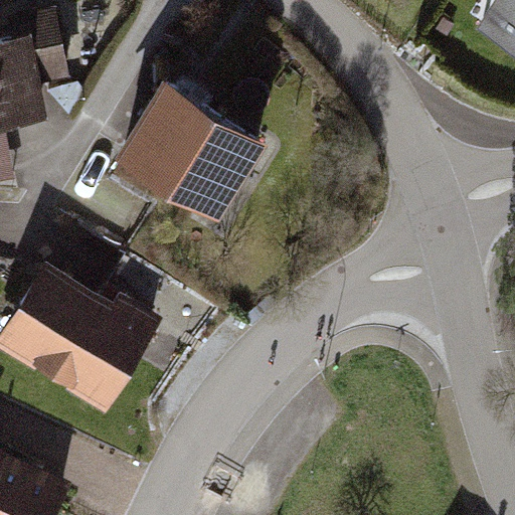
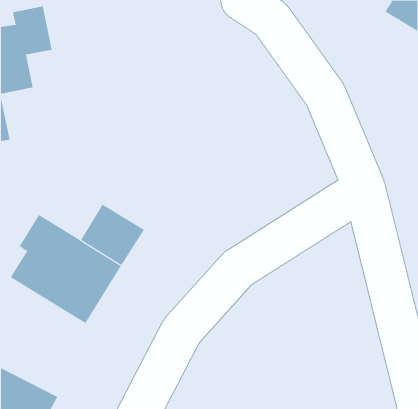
building: [116,87,251,214] -> none

